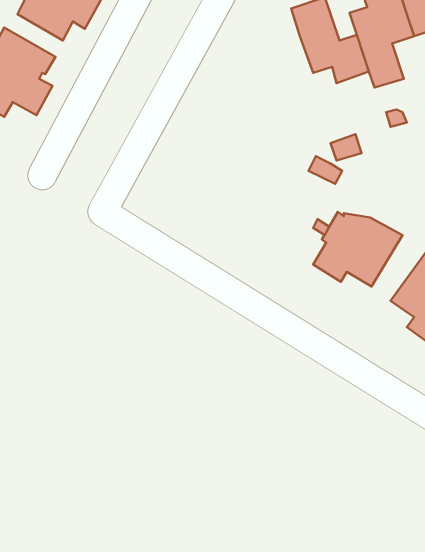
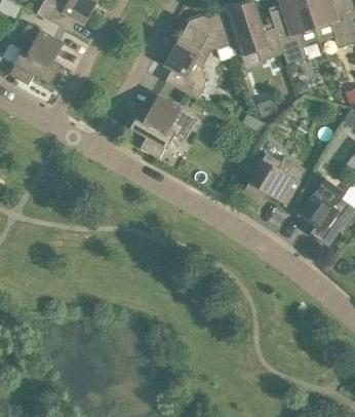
building: none -> [165,11,233,99]
building: none -> [129,93,197,158]

